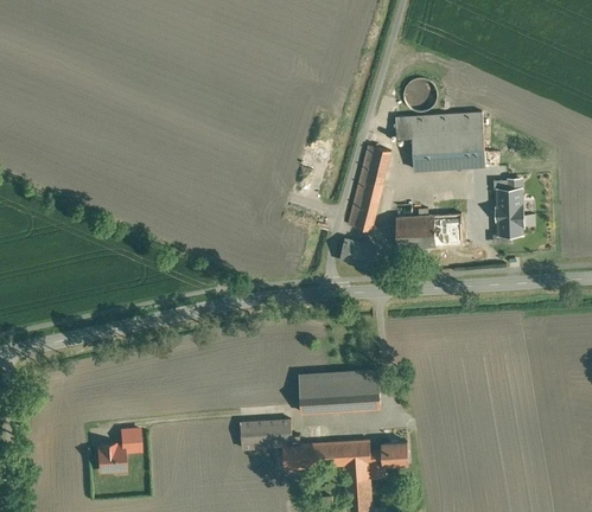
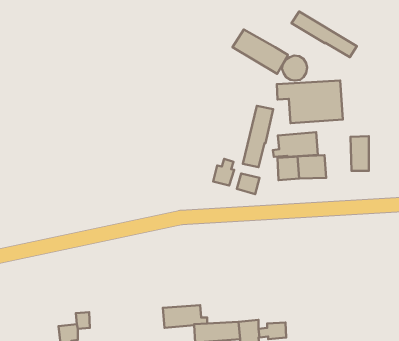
building: none -> [292,12,357,57]
building: none -> [233,30,288,74]
building: none -> [273,132,318,157]
building: none -> [213,159,234,186]
building: [299,370,380,412] -> none

